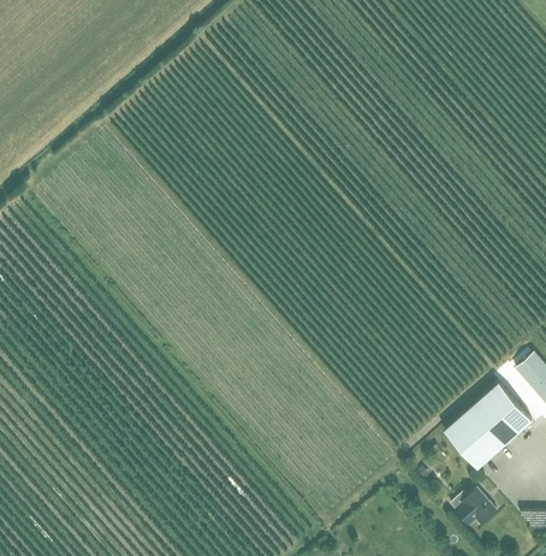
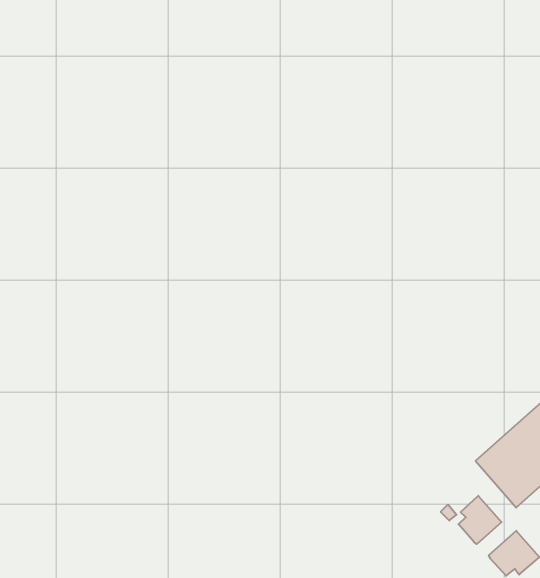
building: none -> [458,496,502,544]

